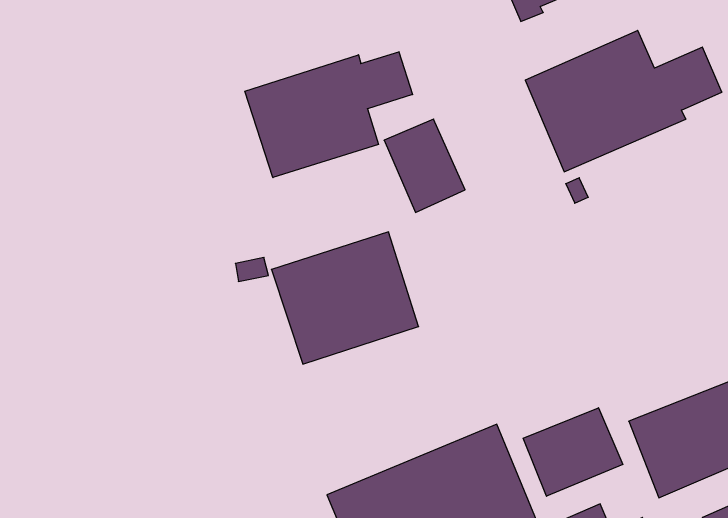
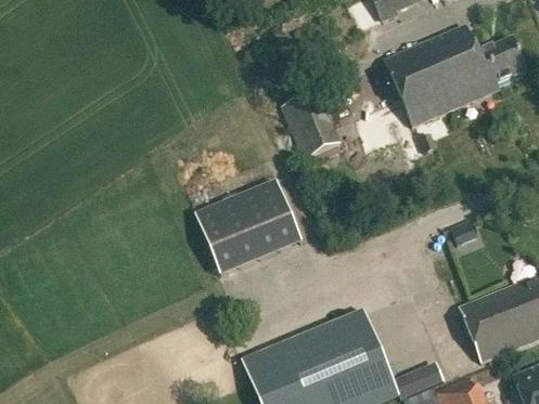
building: [245,52,413,178] -> none
building: [523,408,623,496] -> none

